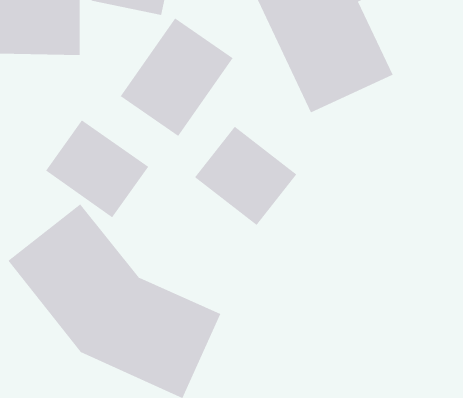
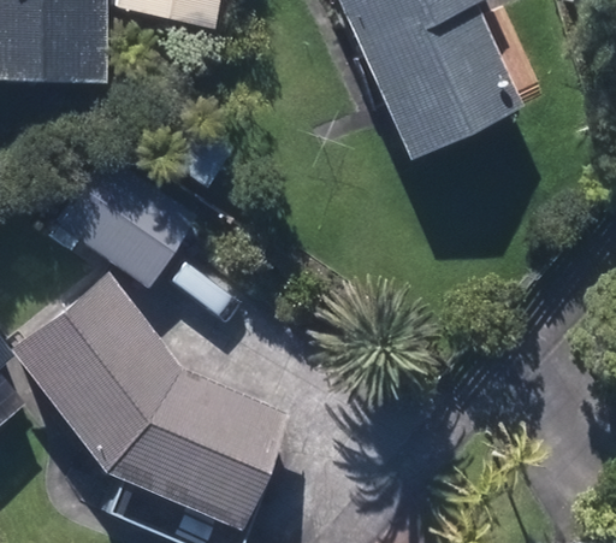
building: [120,17,234,137] -> none
building: [194,126,297,226] -> none

